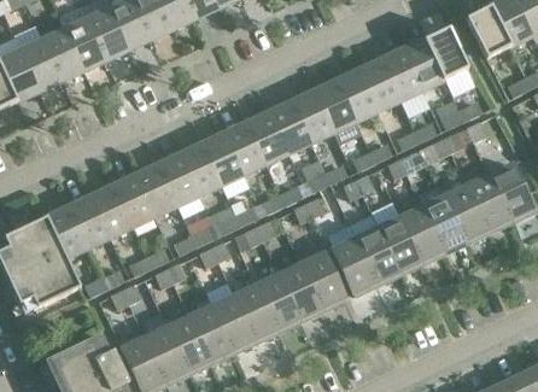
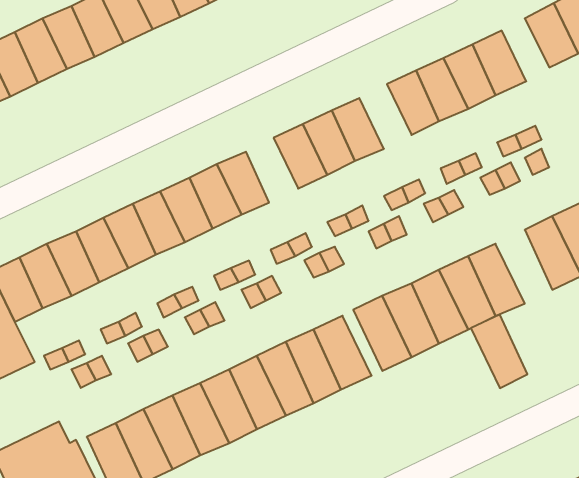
building: [337,70,378,121] -> none
building: [247,112,288,163] -> none
building: [444,185,489,242] -> [471,314,527,388]

